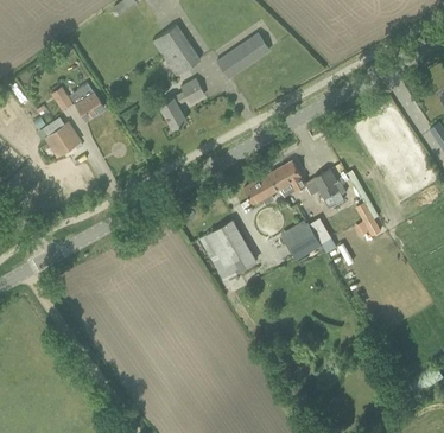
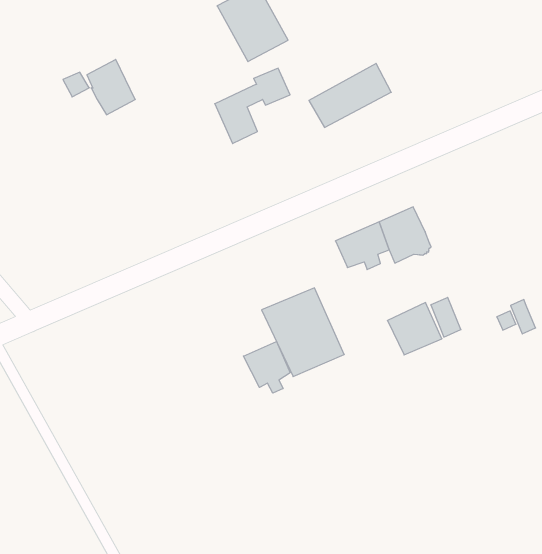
building: [216,33,269,78] -> [309,63,391,127]
building: [43,117,81,157] -> none
building: [313,168,343,206] -> none
building: none -> [243,341,290,393]

